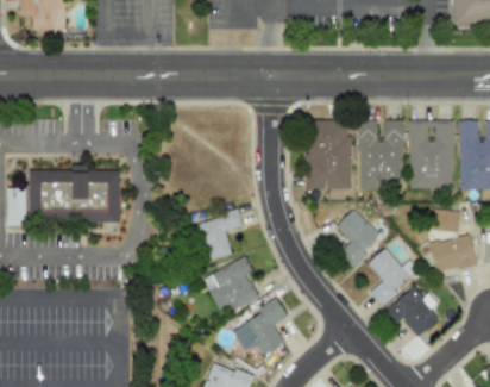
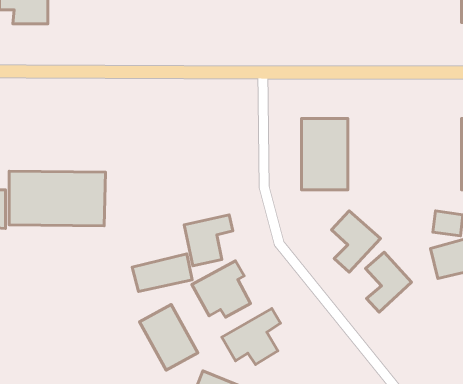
building: [358,120,403,187] -> none
building: [408,120,453,188] -> none
building: none -> [132,254,192,291]
building: [387,287,440,337] -> none
building: none -> [139,304,198,370]

